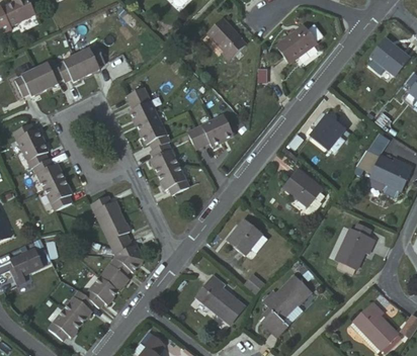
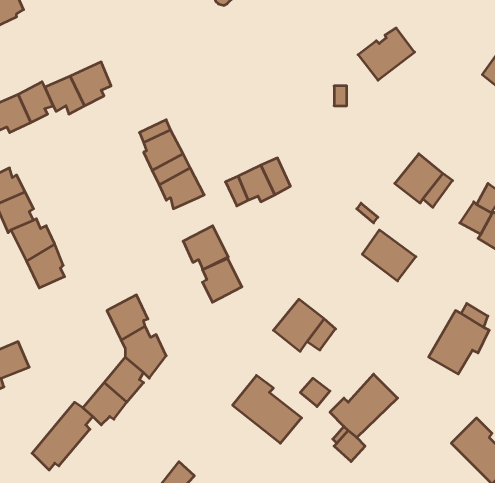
building: [212,19,251,63] -> none
building: [149,145,177,176] -> [202,258,242,302]
building: [90,194,122,226] -> none

